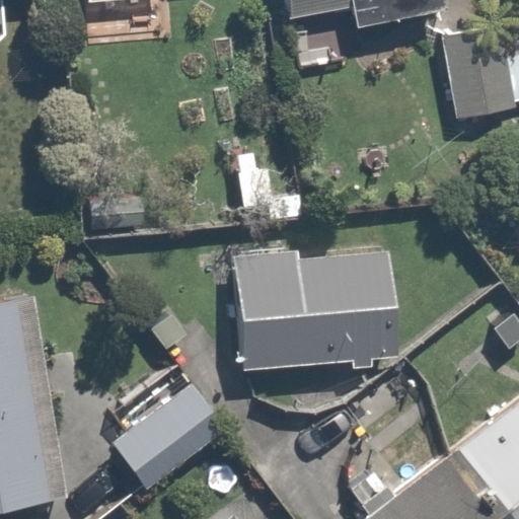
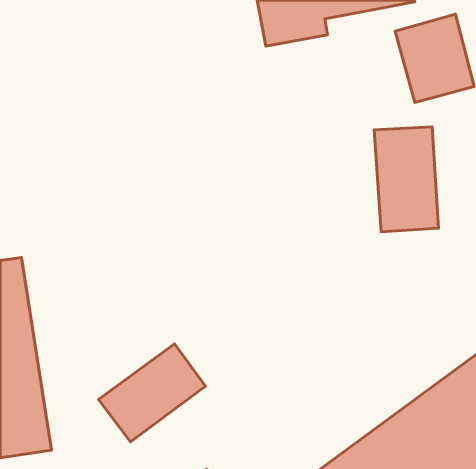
building: none -> [374,127,438,232]
building: [230,235,397,369] -> none

